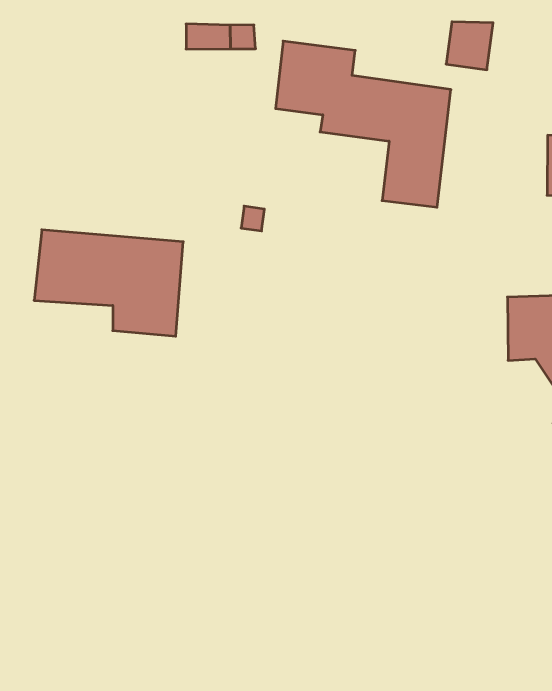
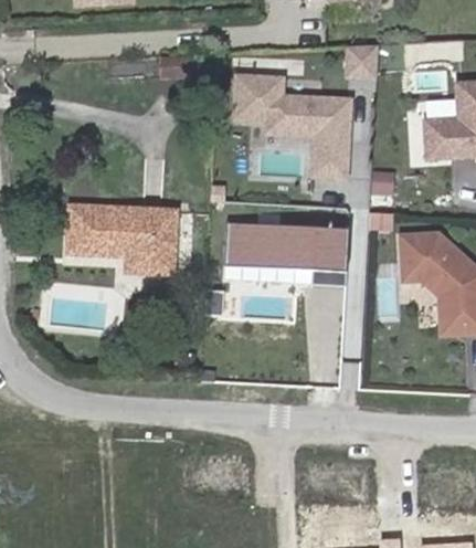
building: none -> [232,221,355,283]

